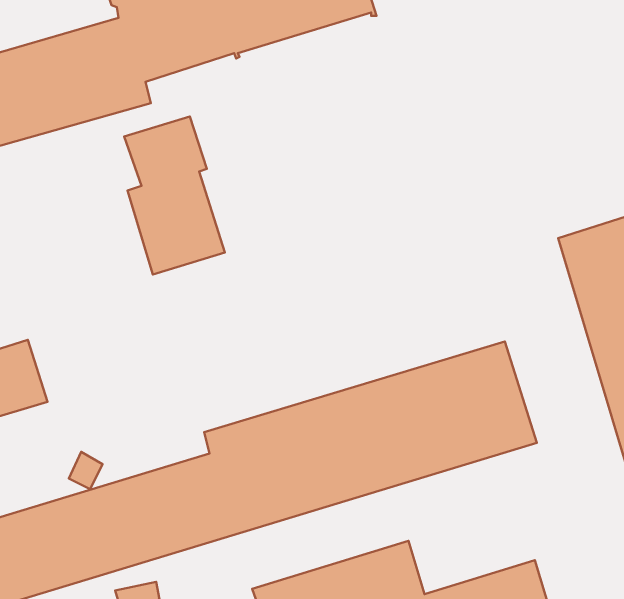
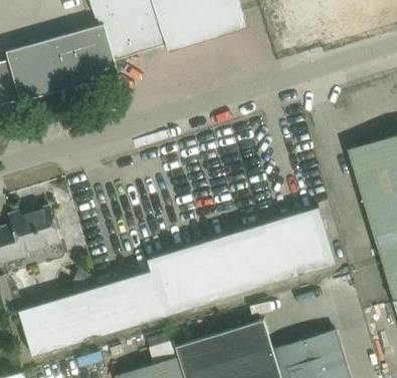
building: [124,116,225,274] -> none

